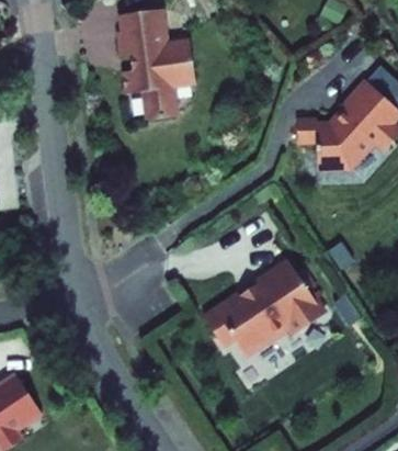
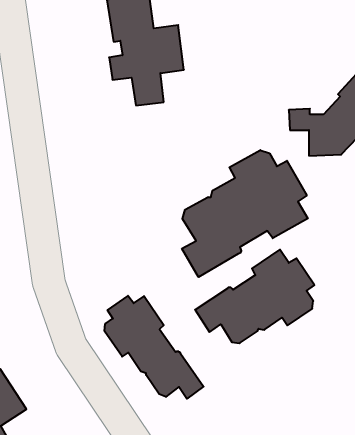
building: none -> [182,150,308,277]
building: none -> [105,296,204,399]

